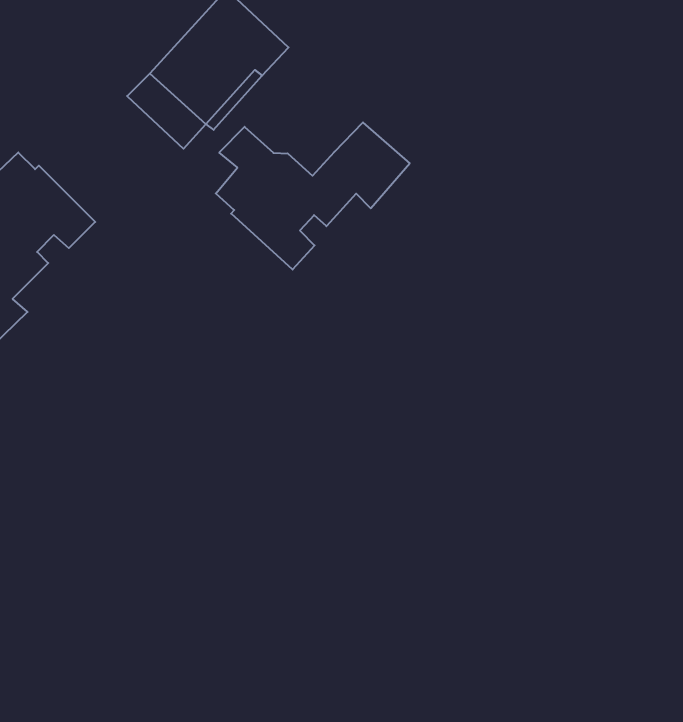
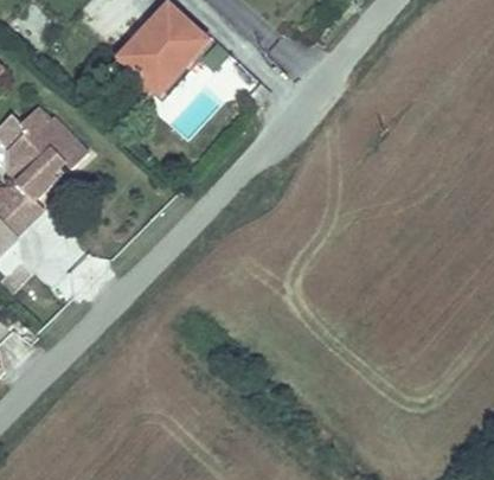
building: [216,122,410,270] -> none

